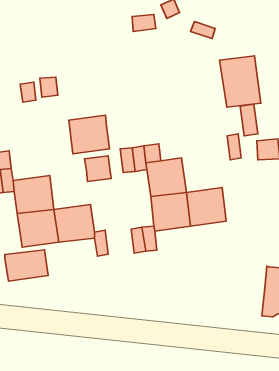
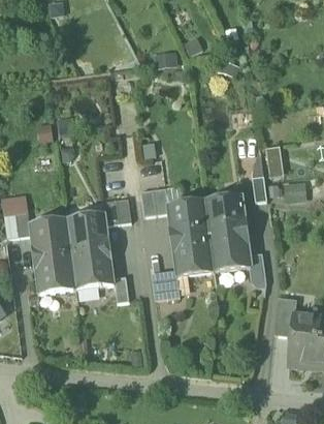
building: [219,56,261,107] -> none
building: [69,115,110,154] -> [67,213,109,253]
building: none -> [204,195,247,236]
building: [5,250,48,281] -> none
building: none -> [273,297,296,335]

